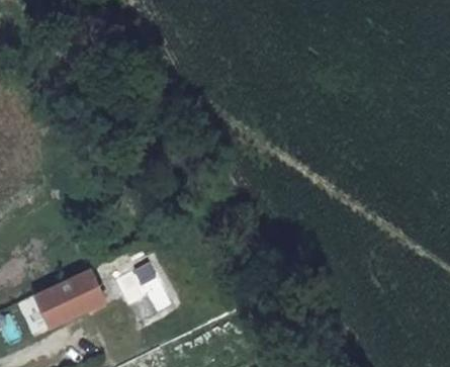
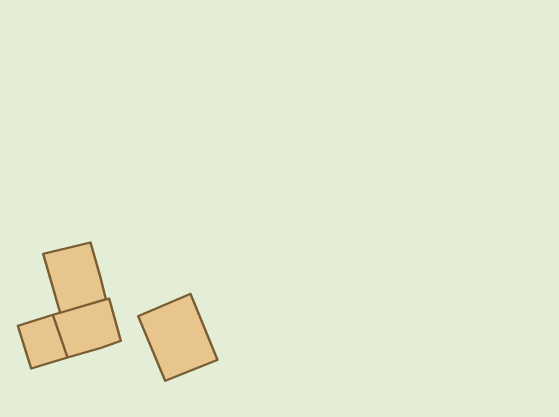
building: none -> [43,242,106,313]

